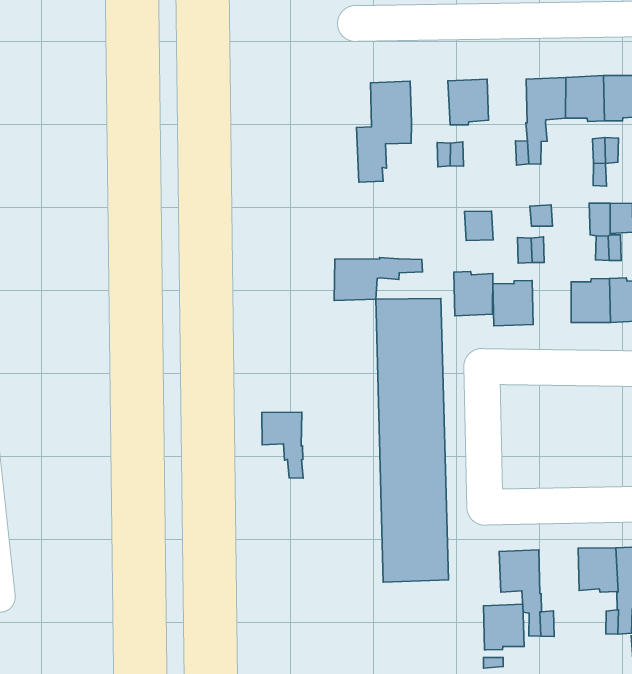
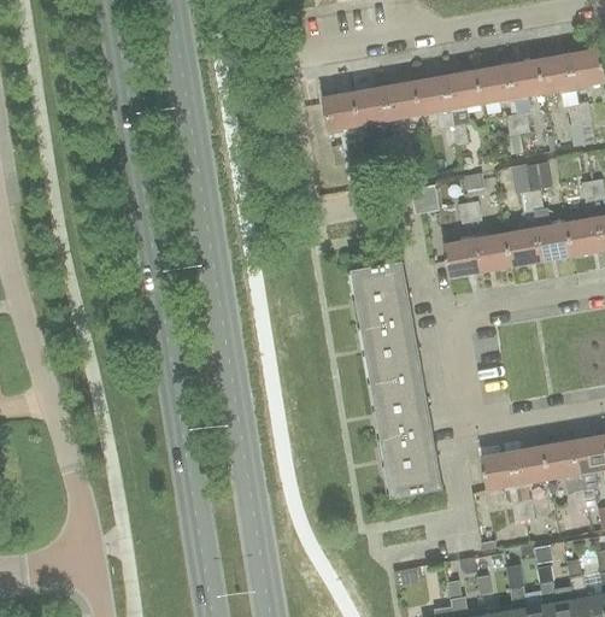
building: none -> [413,76,451,113]
building: none -> [352,87,389,124]
building: [334,257,422,300] -> none
building: [454,272,493,316] -> [474,233,510,271]
building: [262,412,303,478] -> none
building: [483,604,524,650] -> [511,445,548,486]

